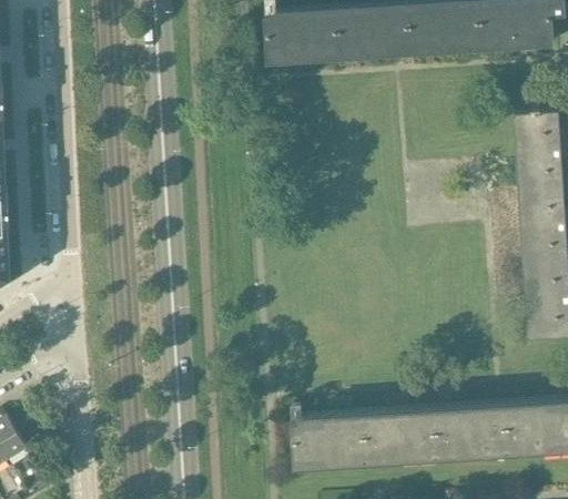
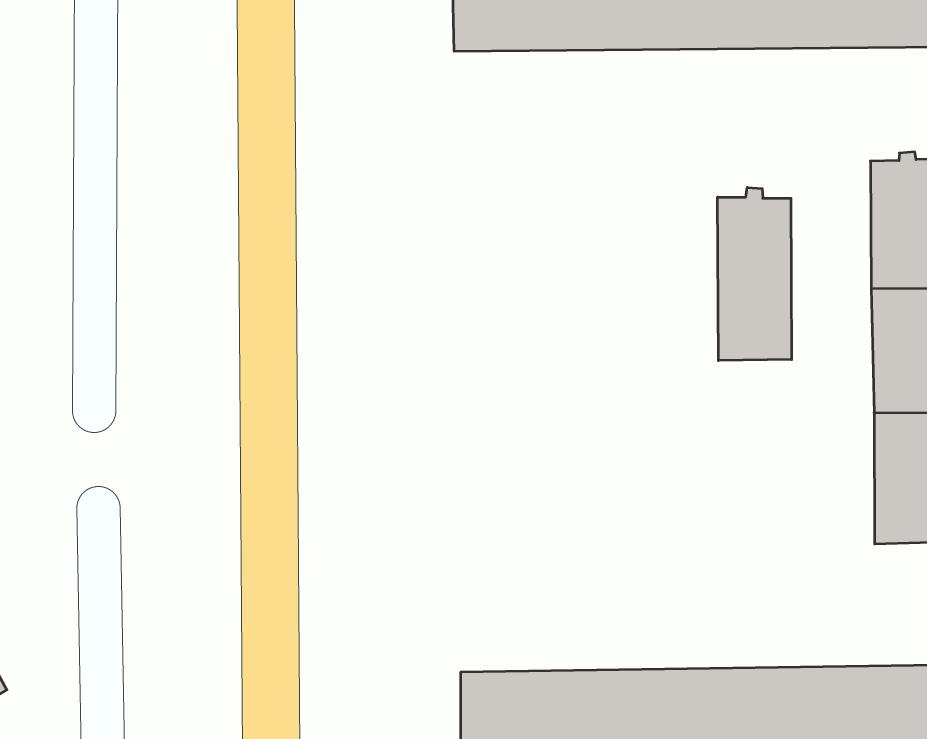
building: none -> [718,187,792,361]

